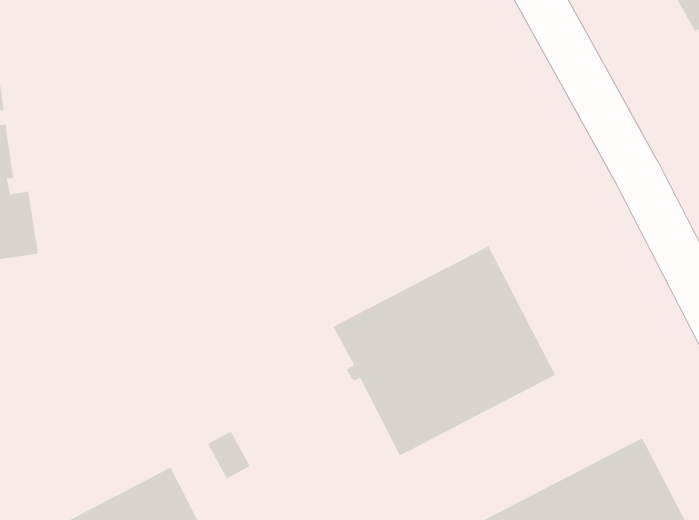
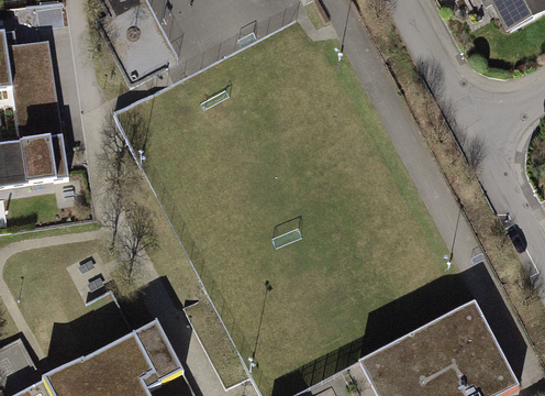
building: [332,245,556,457] -> none

